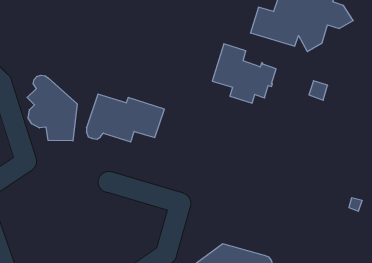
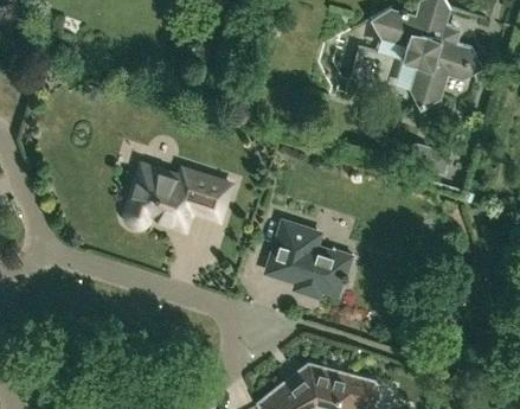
building: [212,44,276,103] -> [267,222,352,301]
building: [27,75,77,141] -> none

